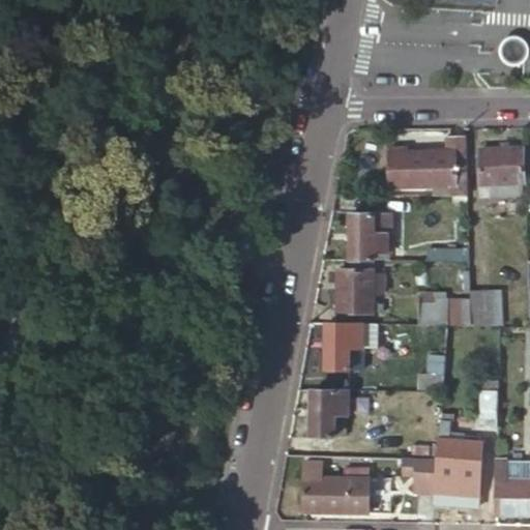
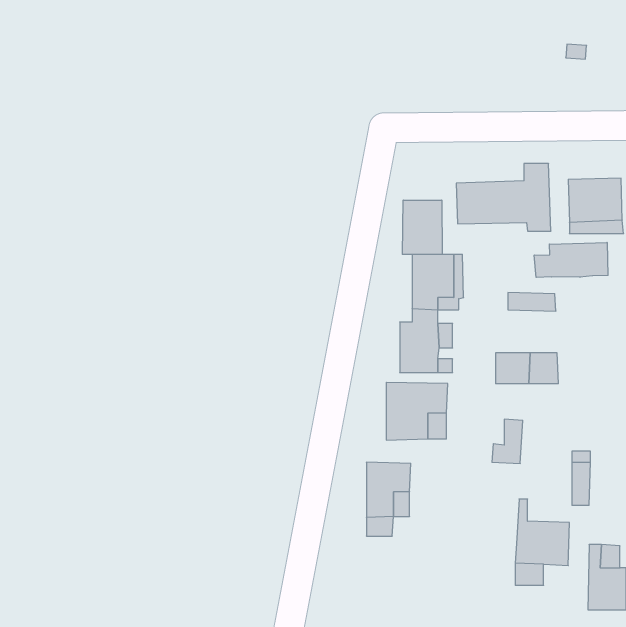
building: none -> [402,200,442,254]
building: none -> [534,242,608,277]
building: [469,290,502,324] -> none
building: [401,457,435,492] -> none
building: [302,462,369,513] -> none

